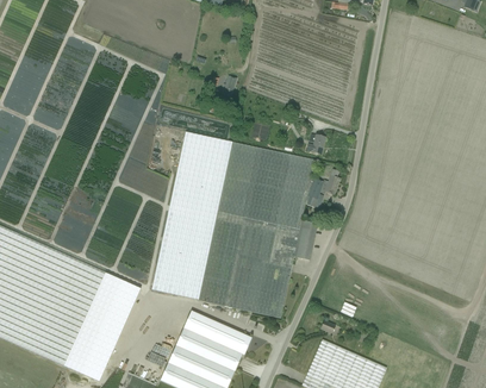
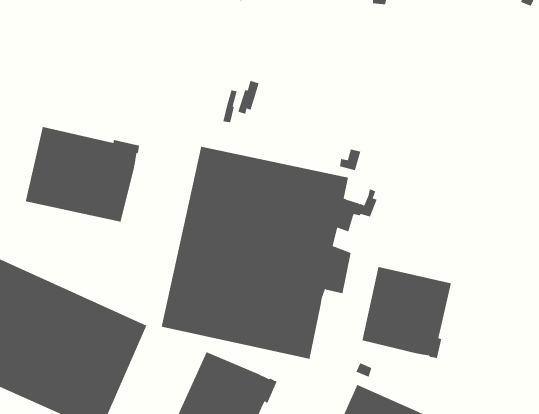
building: none -> [25,126,140,223]
building: none -> [362,266,451,359]

